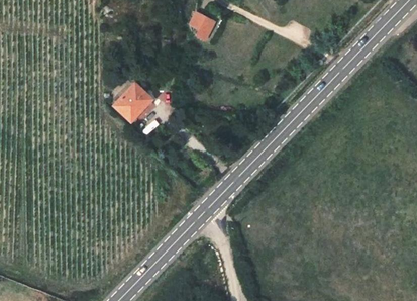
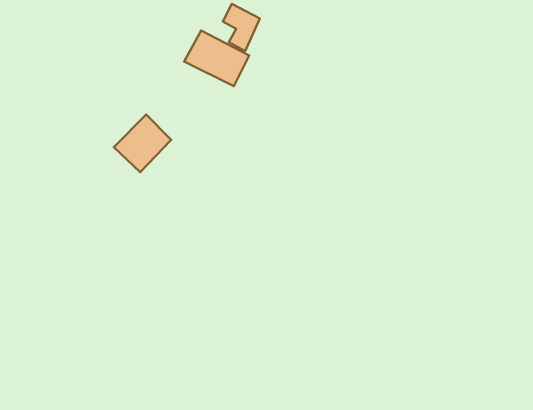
building: none -> [184,30,249,86]

